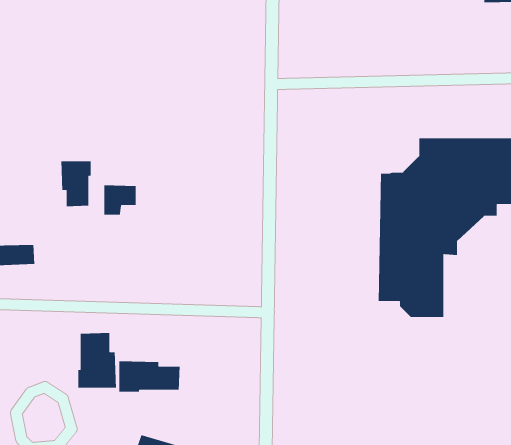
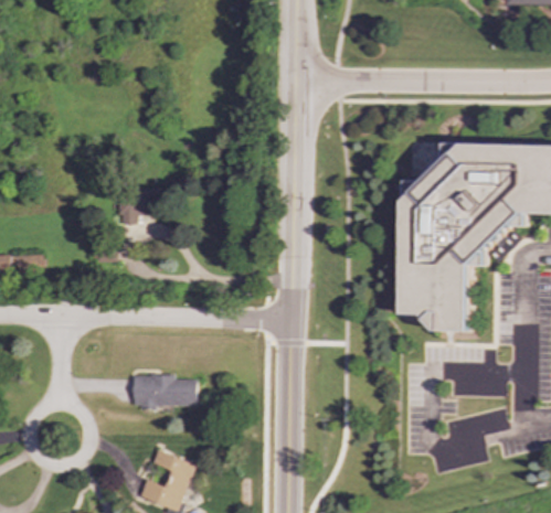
building: [61,160,91,207] -> none
building: [77,332,117,389] -> none

